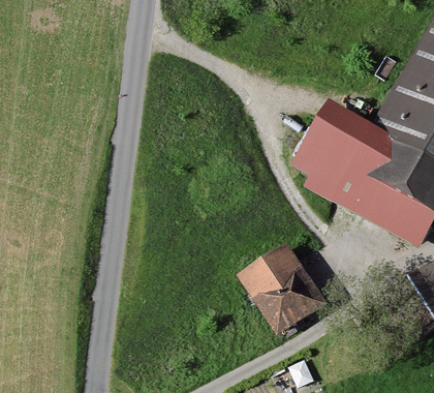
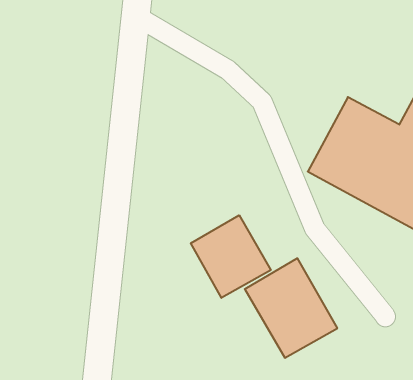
building: none -> [191,215,271,298]

